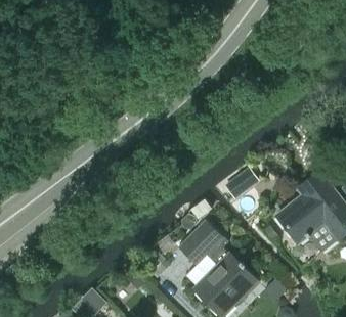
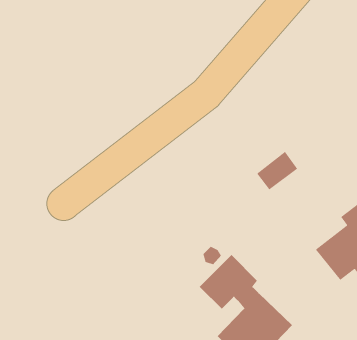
building: [224,166,260,199] -> [256,151,298,190]

